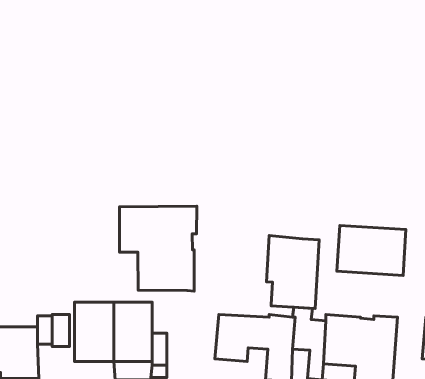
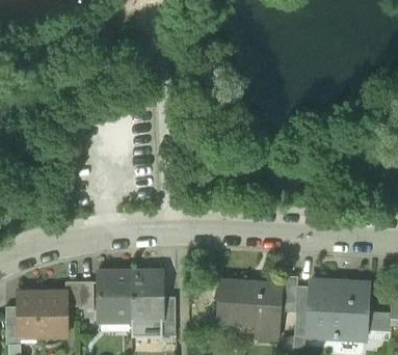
building: [120,206,197,291] -> none
building: [337,225,406,275] -> none
building: [267,236,319,308] -> none

